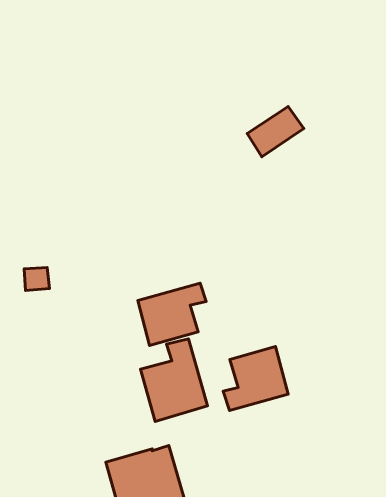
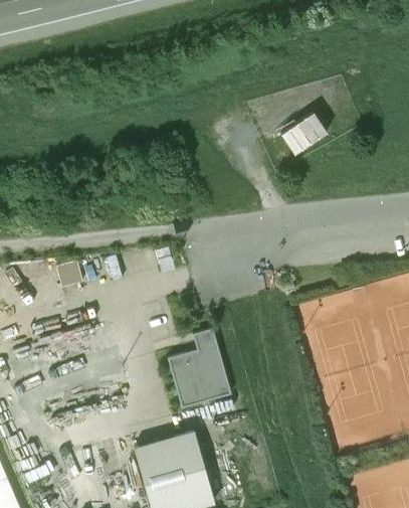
building: [138,283,206,346] -> none
building: [223,346,288,411] -> none

